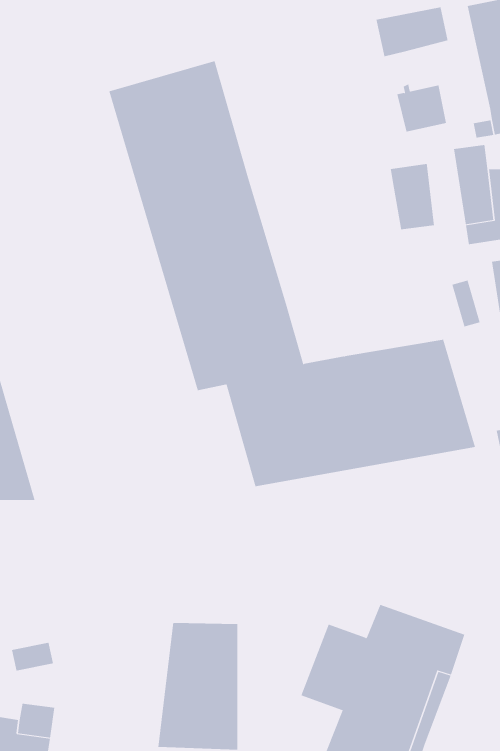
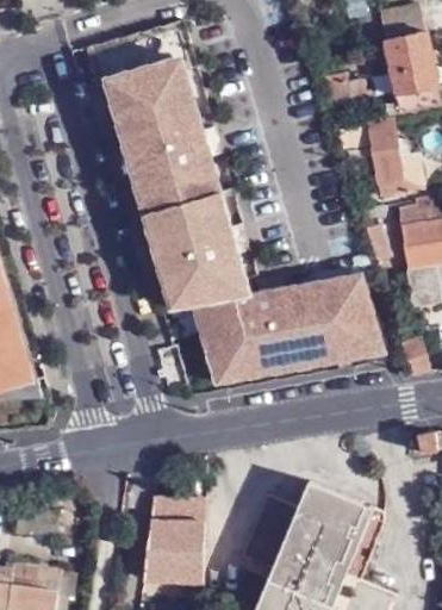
building: [376,6,448,57] -> none
building: [390,163,435,230] -> none

